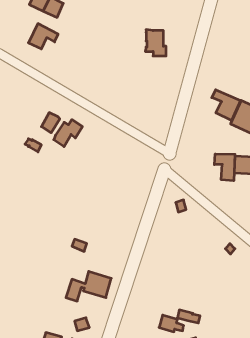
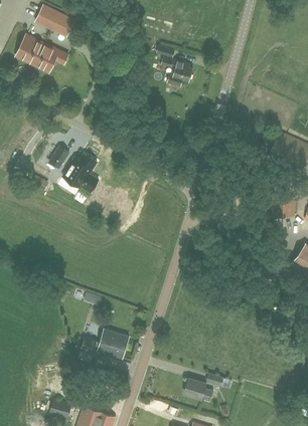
building: none -> [14,34,44,65]
building: [212,90,240,120] -> none
building: [214,154,235,181] -> none

